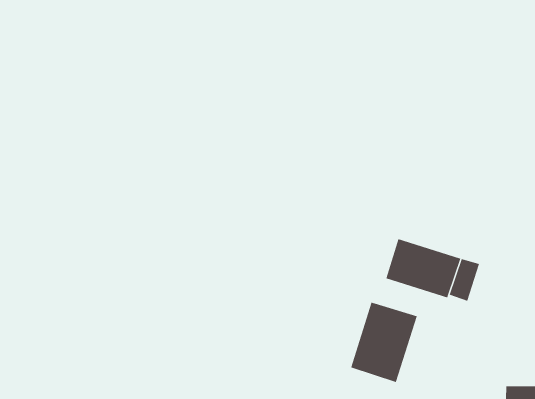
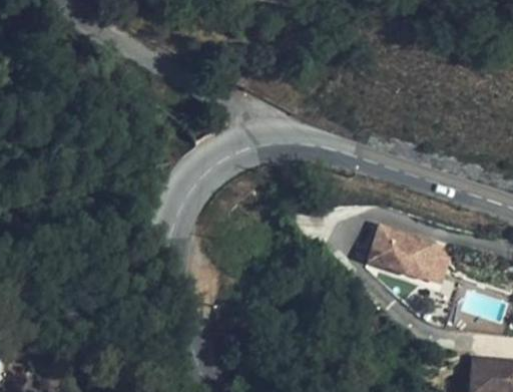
building: [350,302,418,383] -> none

